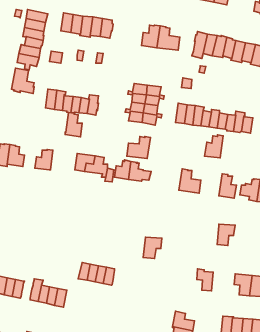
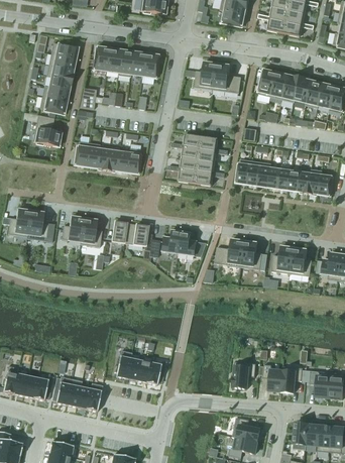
building: [65,113,82,137] -> [80,217,101,247]
building: [205,135,223,158] -> [270,245,294,273]
building: [127,137,151,159] -> [215,239,244,266]
building: [217,224,235,245] -> [280,366,303,392]
building: [143,237,162,258] -> [232,362,255,388]

